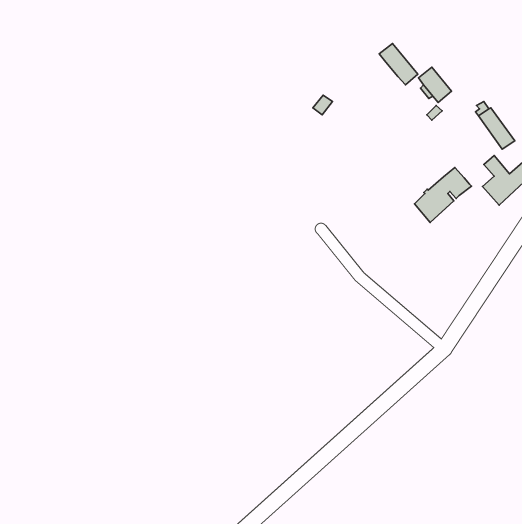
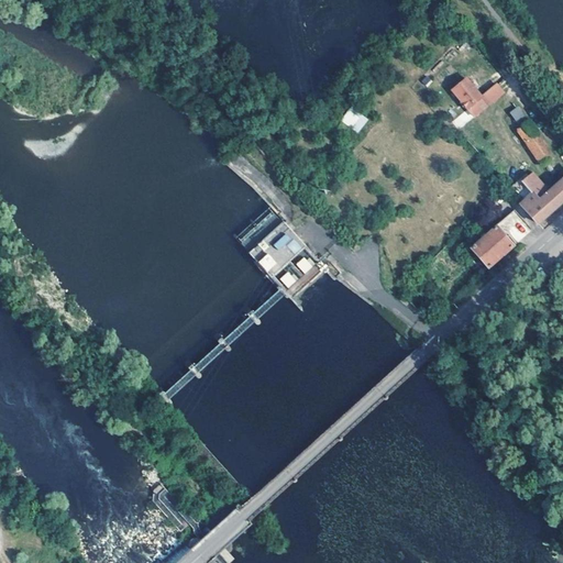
building: [379,43,418,85] -> none
building: [415,168,472,222] -> [472,210,532,268]

